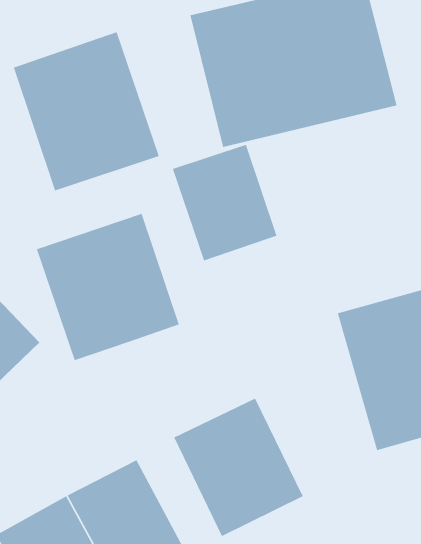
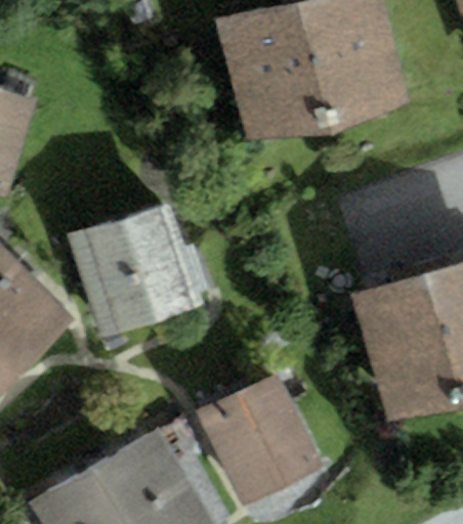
building: [13,31,160,191] -> none
building: [172,144,278,262] -> none

